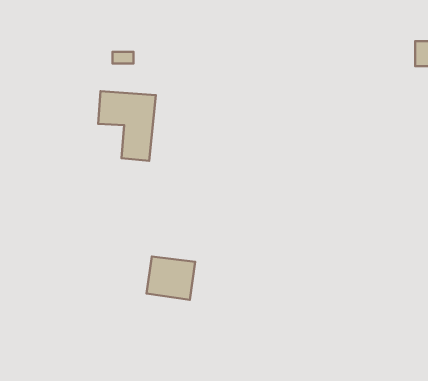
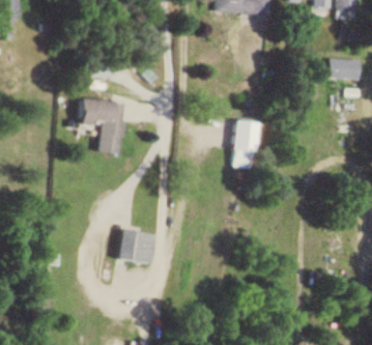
building: none -> [231,119,257,168]

